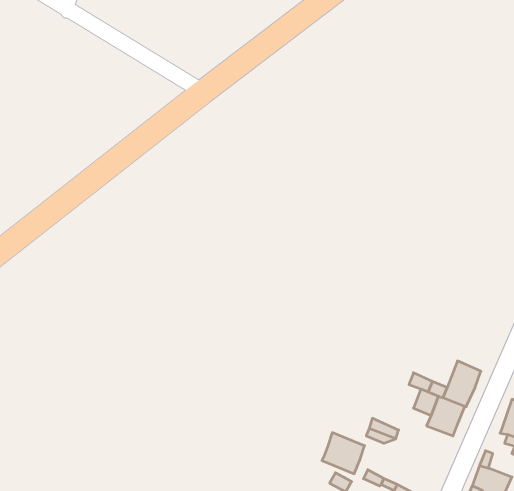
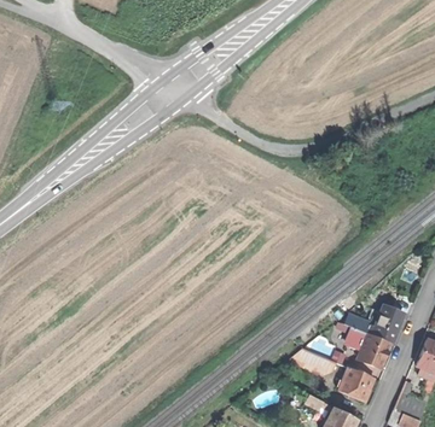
building: [322,433,365,474] -> [337,368,372,402]

